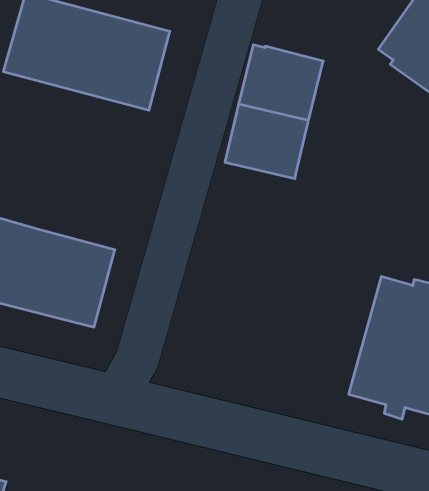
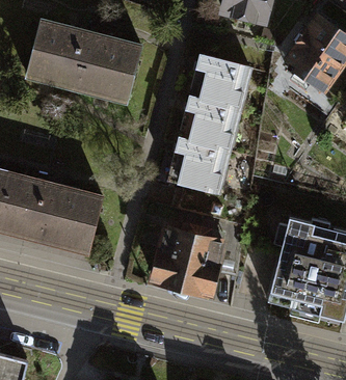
building: none -> [169,137,230,193]
building: none -> [155,223,223,293]

